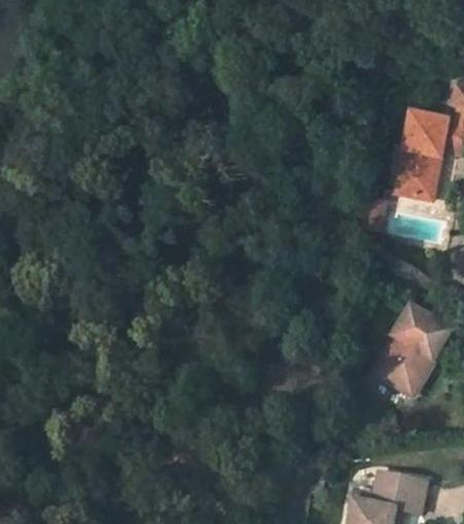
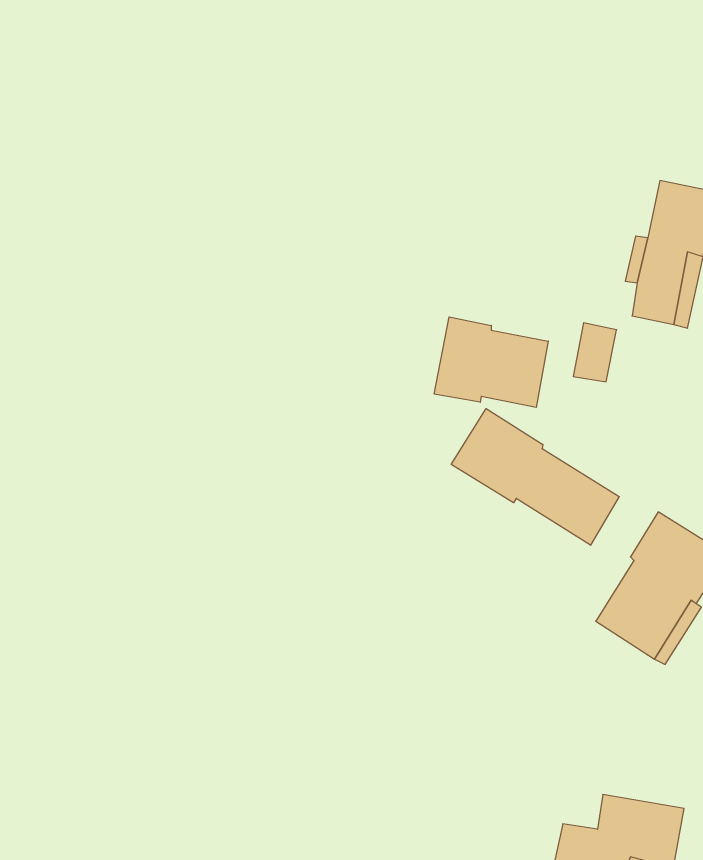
building: none -> [434,317,548,407]
building: none -> [451,409,619,545]

